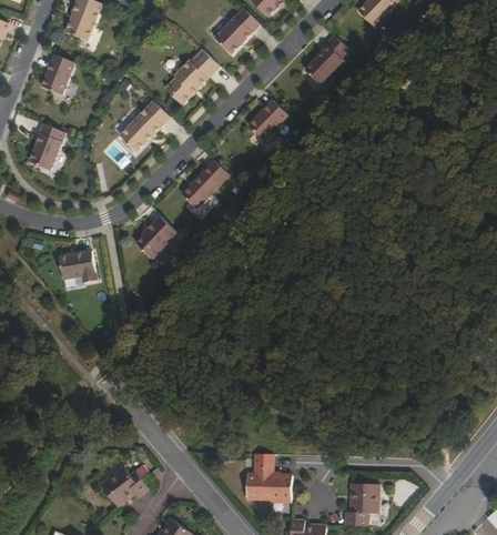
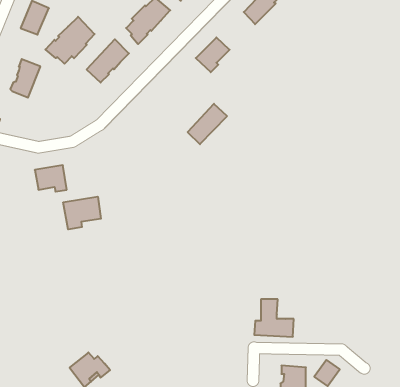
building: none -> [45,17,95,64]
building: [183,157,230,204] -> [188,104,227,144]
building: [138,212,178,254] -> none
building: none -> [63,197,101,229]
building: [245,455,292,499] -> [254,299,294,337]

